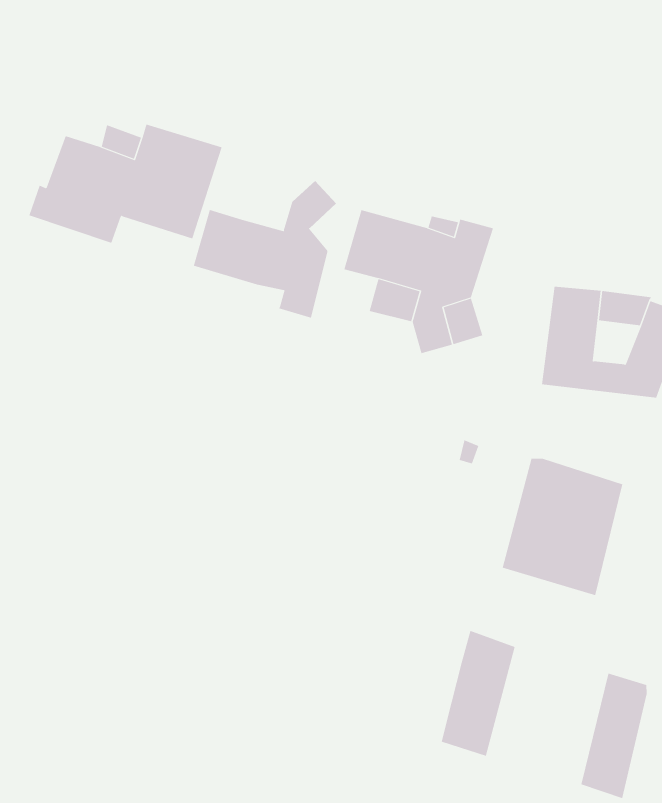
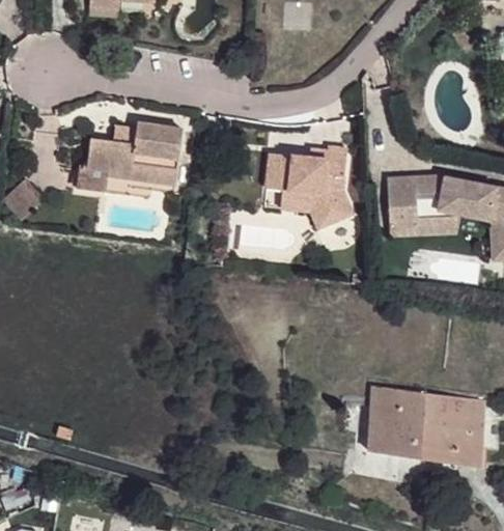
building: [193,180,337,318] -> none
building: [502,458,623,596] -> [395,389,457,464]

